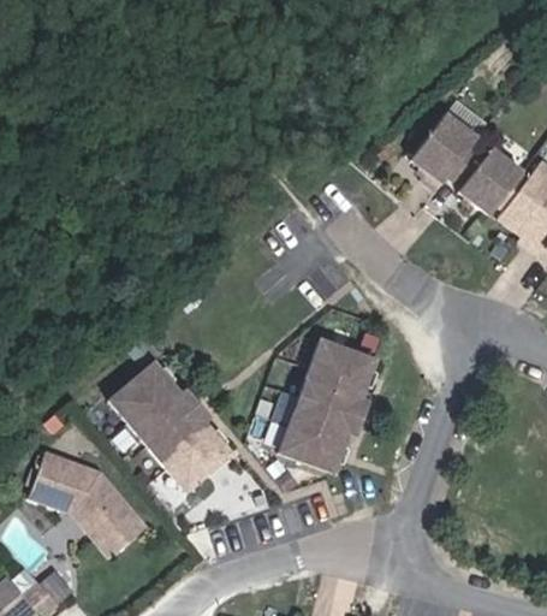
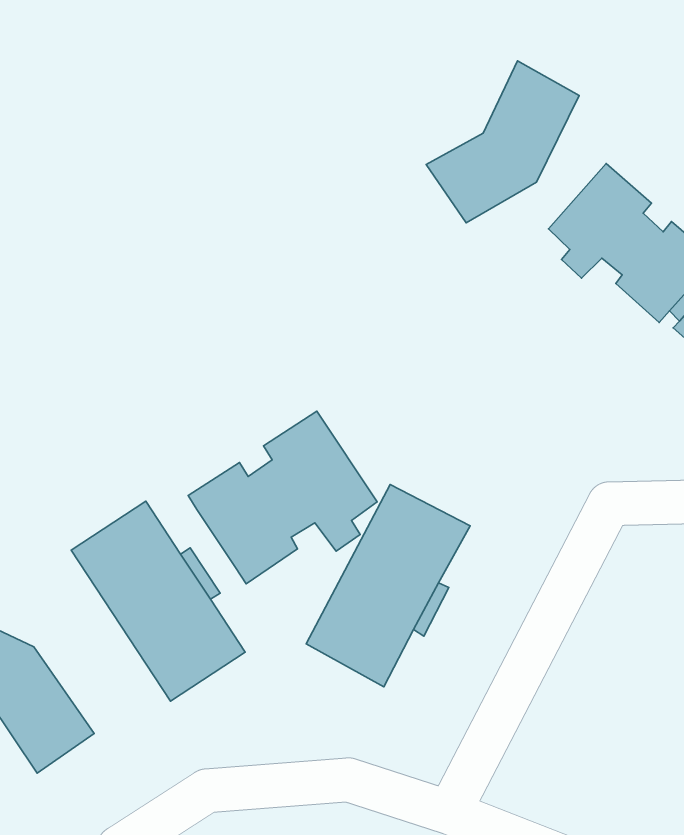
building: none -> [426,61,579,223]
building: none -> [188,411,377,584]

